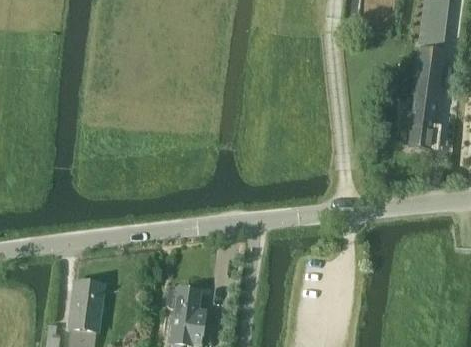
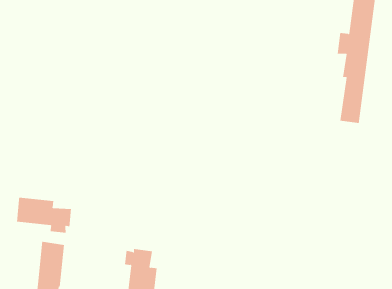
building: none -> [17,197,71,233]

